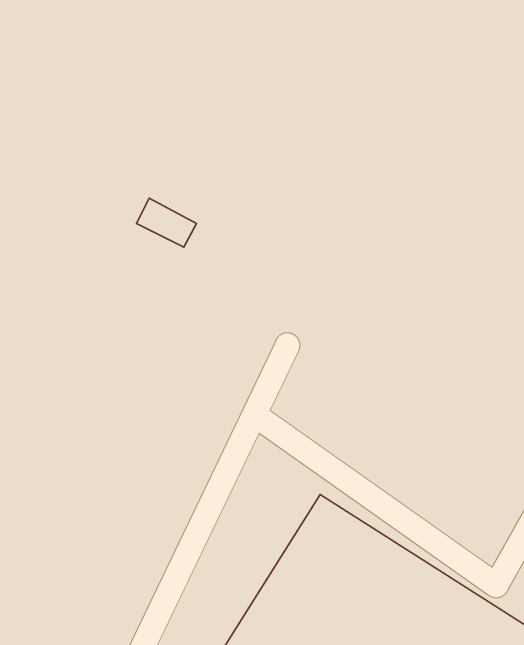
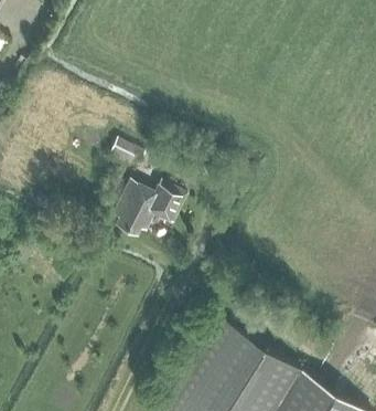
building: none -> [112,180,186,233]

